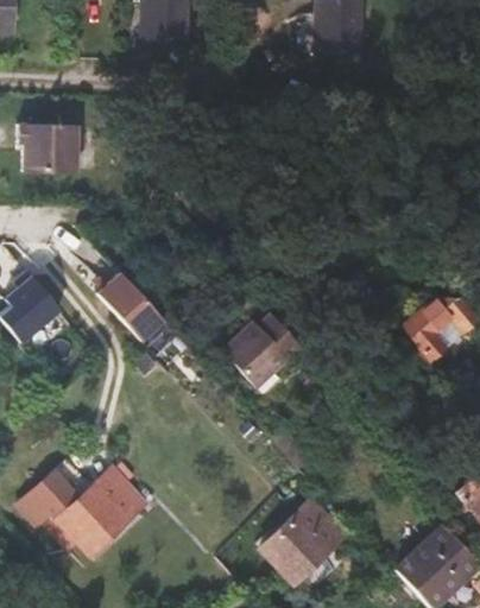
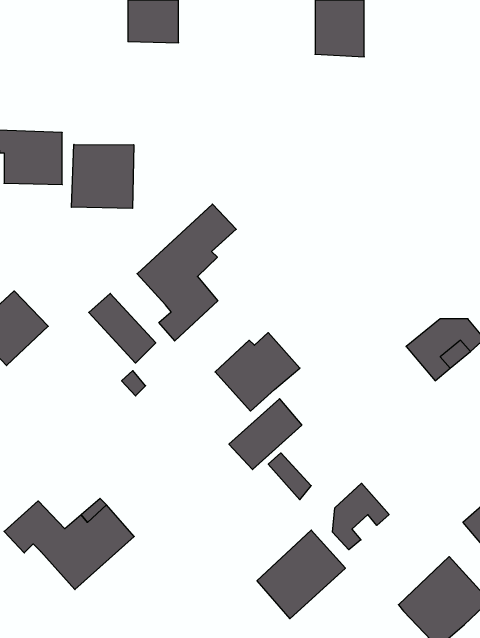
building: none -> [71,144,134,208]
building: none -> [137,204,236,341]
building: none -> [229,399,302,470]
building: none -> [333,483,389,550]

